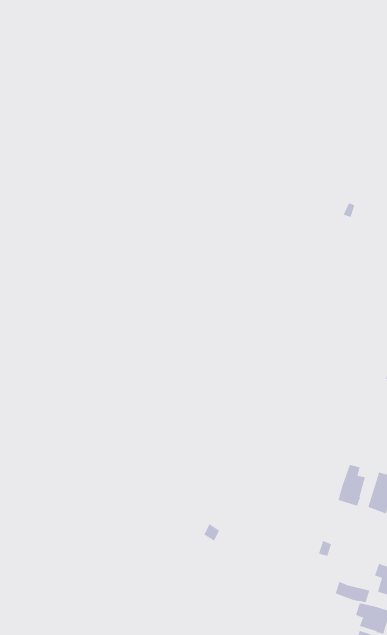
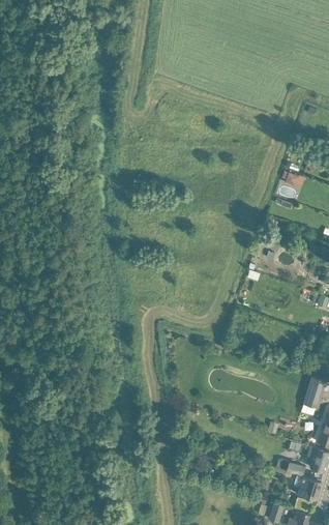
building: [338,464,365,506] -> none

